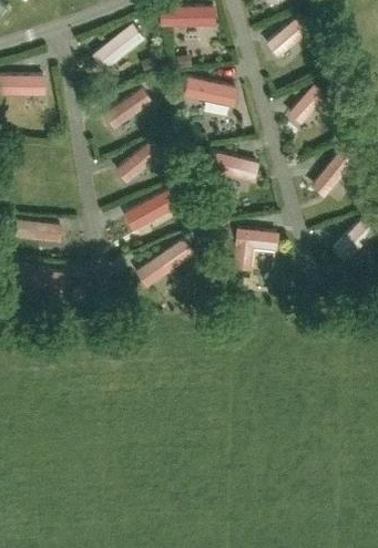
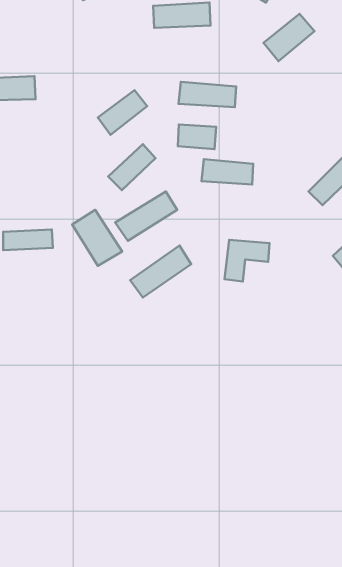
building: [95,21,144,69] -> none
building: [287,83,328,125] -> none
building: none -> [178,125,216,149]
building: none -> [72,210,122,266]

